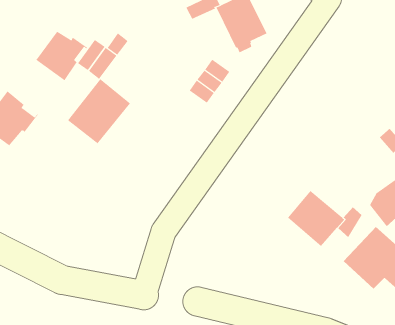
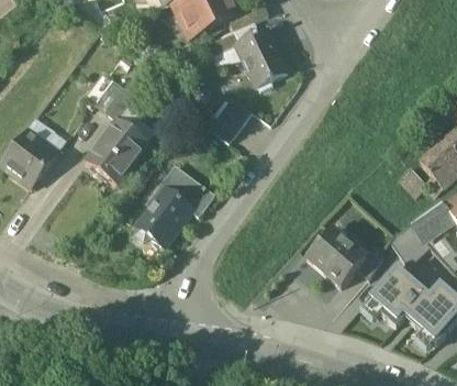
building: [36,31,88,81] -> none
building: none -> [135,175,214,245]

